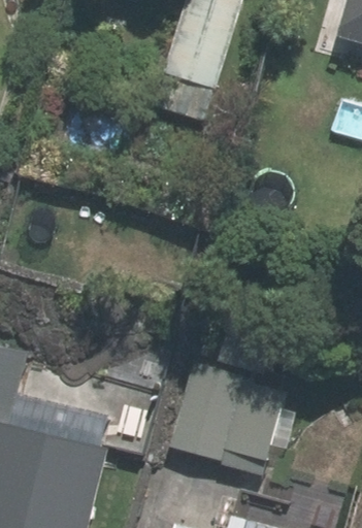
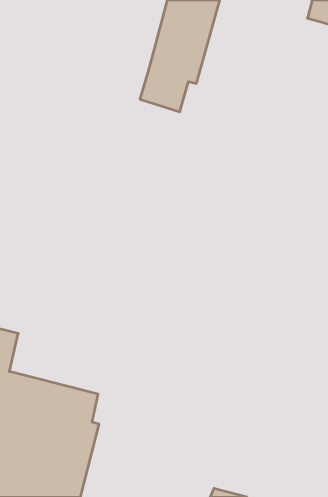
building: [162,364,283,476] -> none

